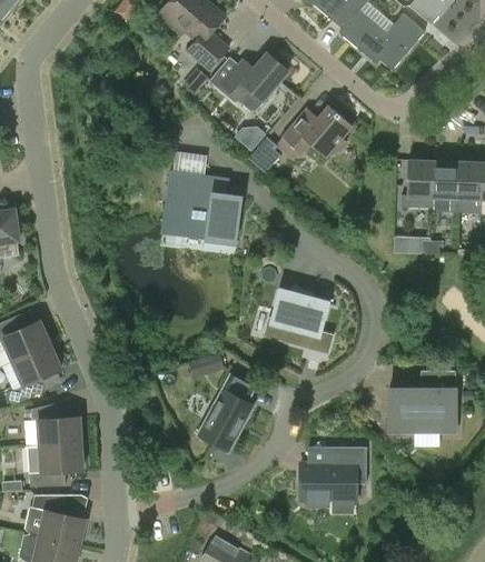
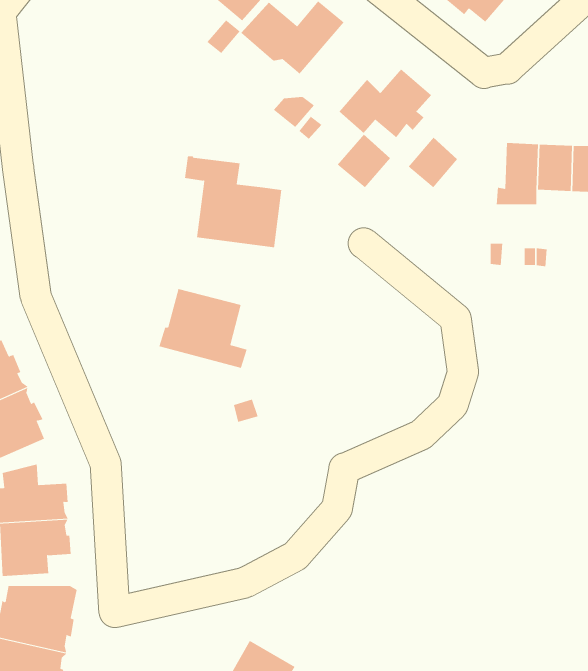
building: none -> [337,134,391,188]
building: none -> [408,137,458,188]
building: [265,290,331,350] -> [159,289,248,369]
building: [388,370,455,430] -> none
building: [197,389,253,451] -> none
building: [299,445,366,504] -> none

